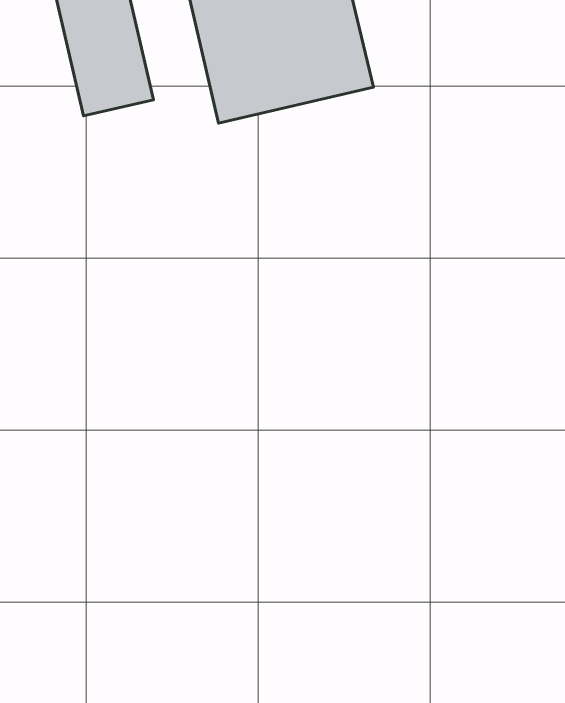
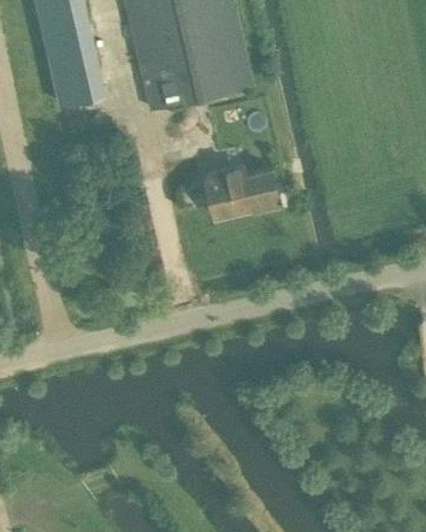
building: none -> [206,166,279,215]

